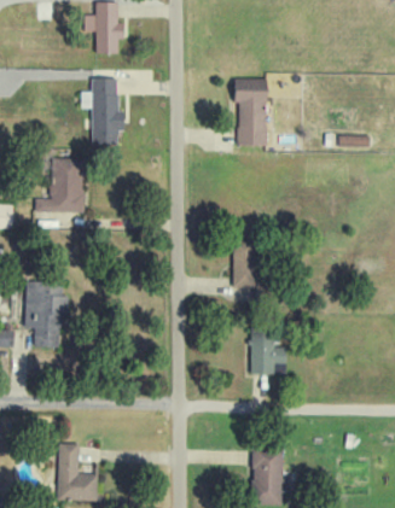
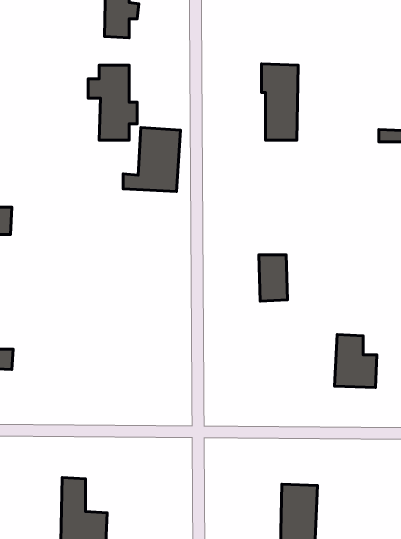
building: [35,157,86,214] -> [123,127,180,192]
building: [25,282,63,350] -> none
building: [249,328,286,375] -> [334,334,377,388]

